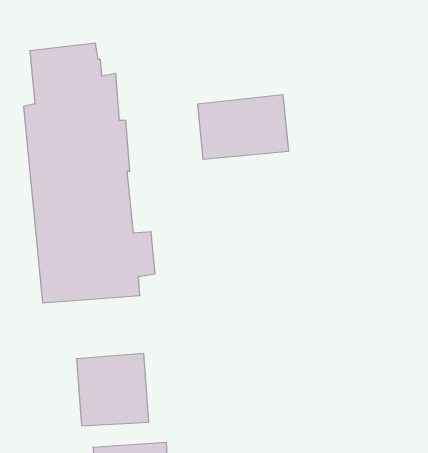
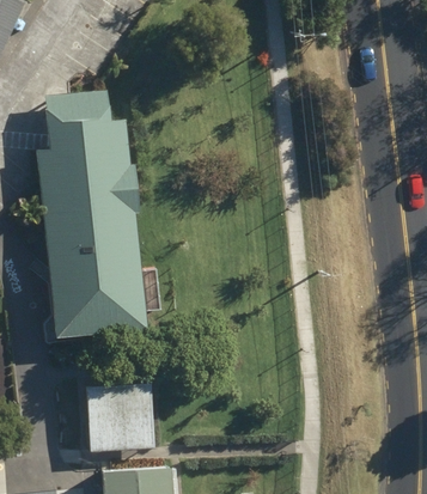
building: [198,95,288,160] -> none

